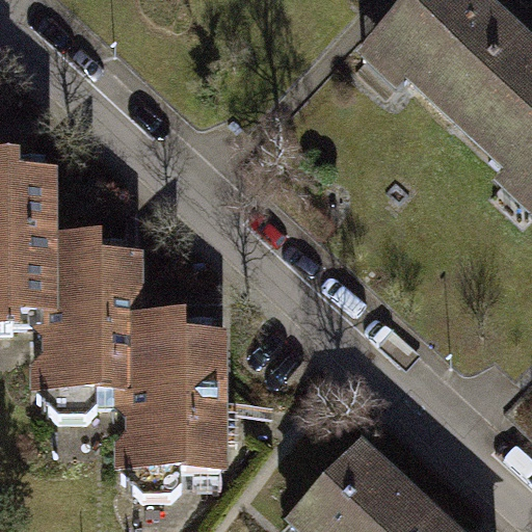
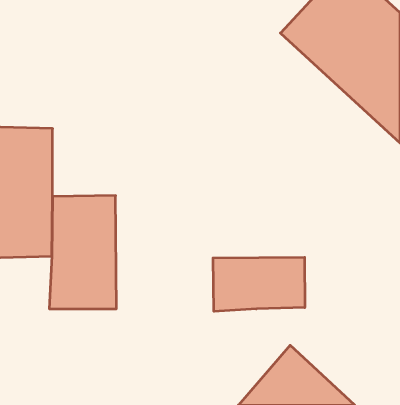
building: [149,323,234,470] -> none
building: none -> [213,257,305,311]

